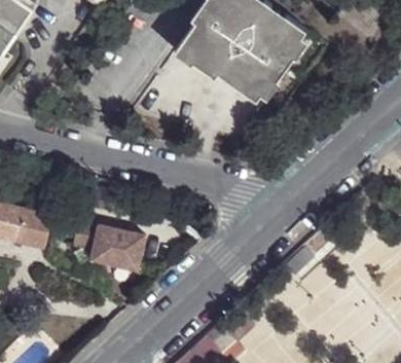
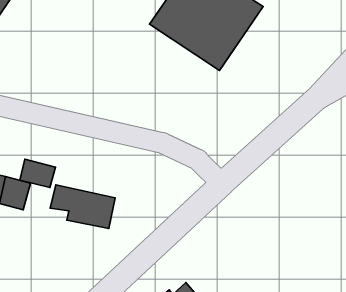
building: none -> [20,159,56,188]

